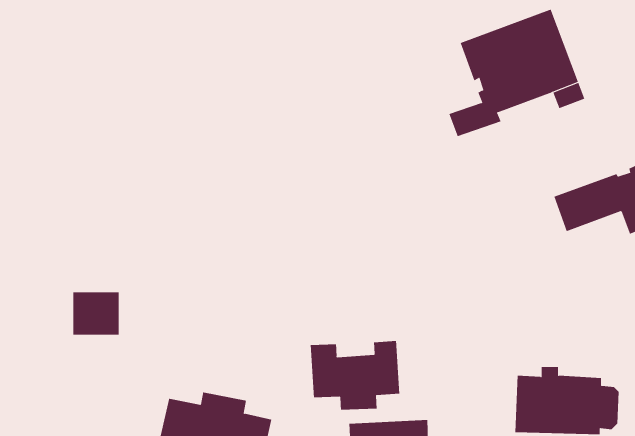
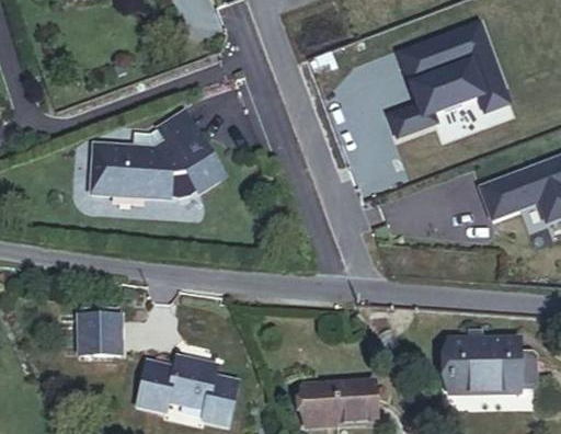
building: none -> [91,112,228,199]
building: [72,292,119,335] -> [78,315,118,352]
building: [310,340,400,411] -> none

